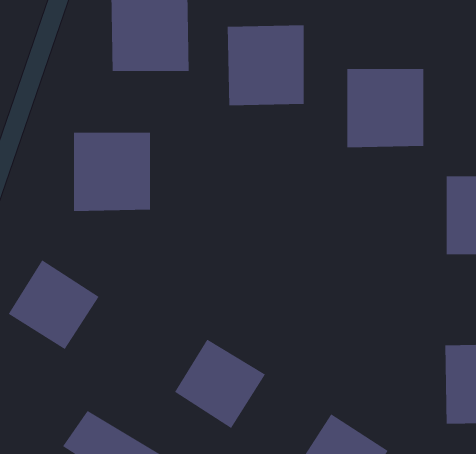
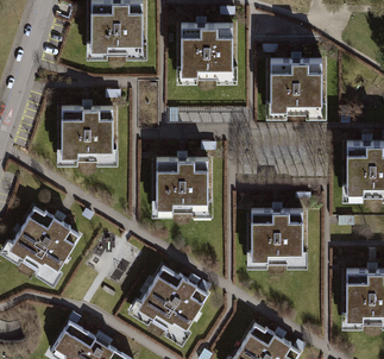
building: none -> [151,157,212,218]
building: none -> [247,208,307,269]

